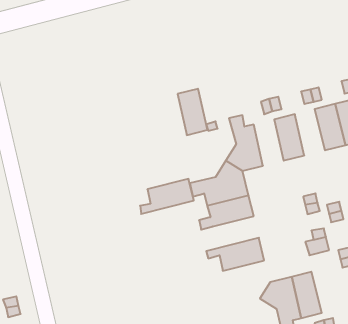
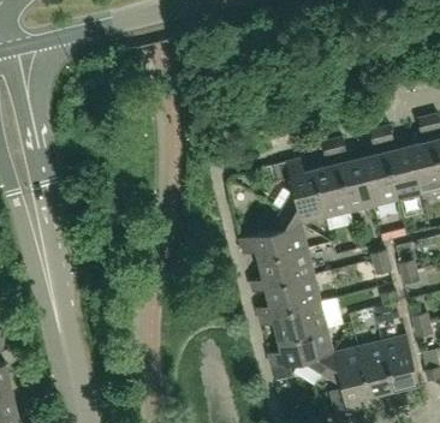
building: [178,89,207,135] -> [314,163,349,218]
building: none -> [362,151,397,205]
building: [140,179,194,214] -> [257,276,320,317]
building: none -> [268,328,333,380]
building: none -> [381,335,418,389]

